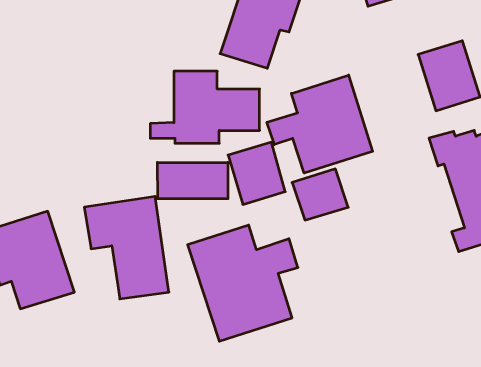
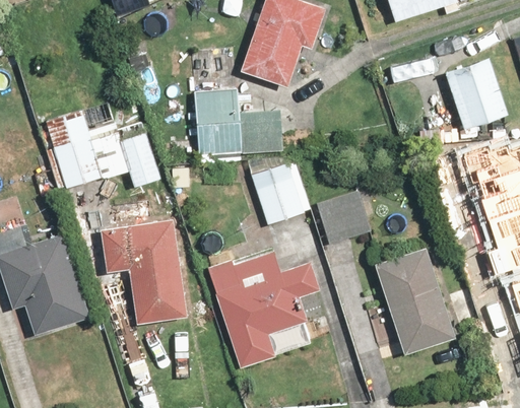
building: [267,75,373,173] -> none
building: none -> [45,113,158,191]
building: [157,162,228,199] -> none
building: none -> [374,249,455,356]

